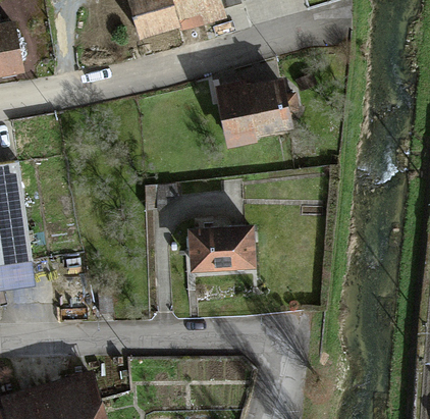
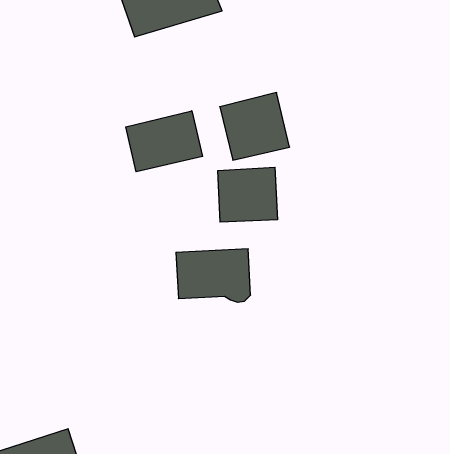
building: none -> [126,111,203,172]
building: none -> [218,167,277,222]

